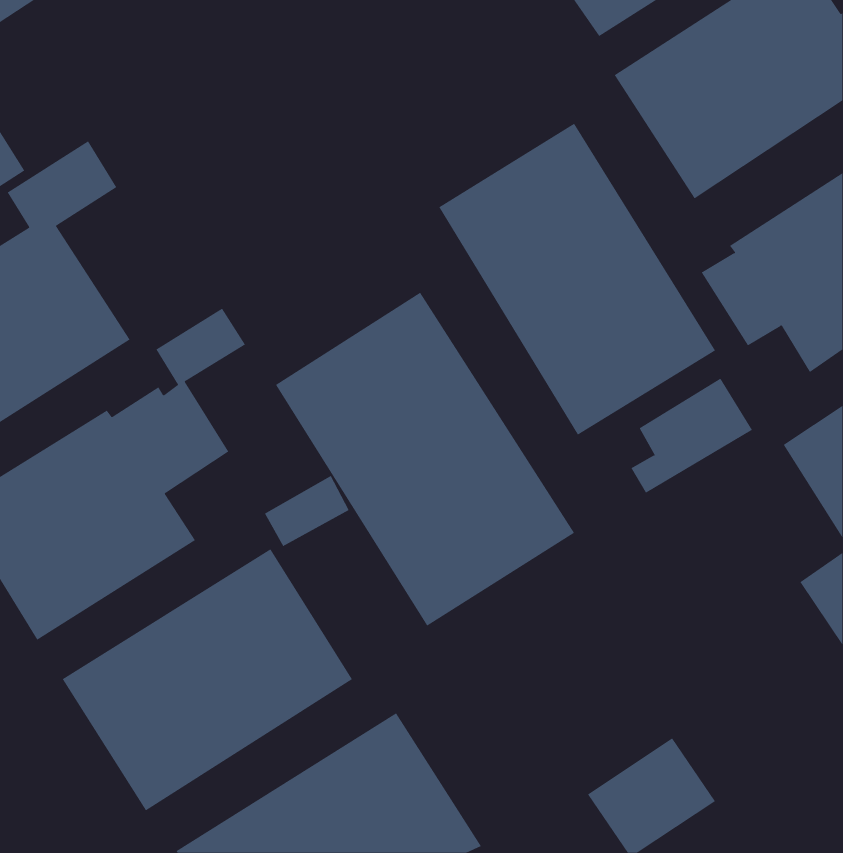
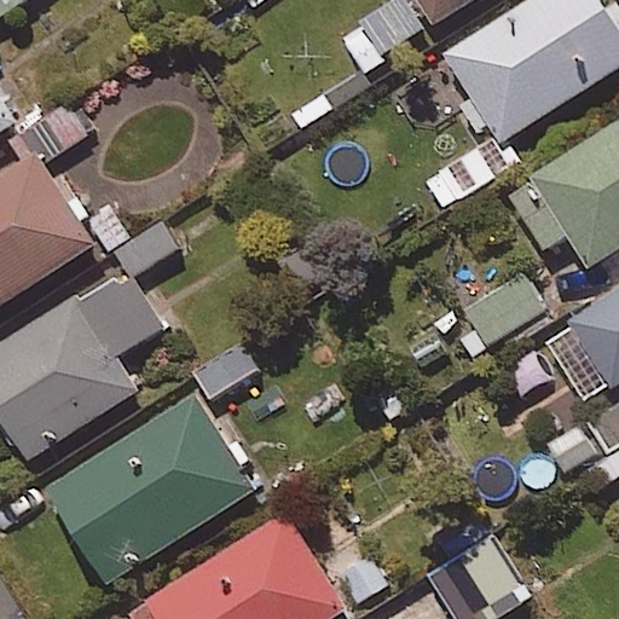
building: [439,123,716,435] -> none
building: [275,292,575,626] -> none

